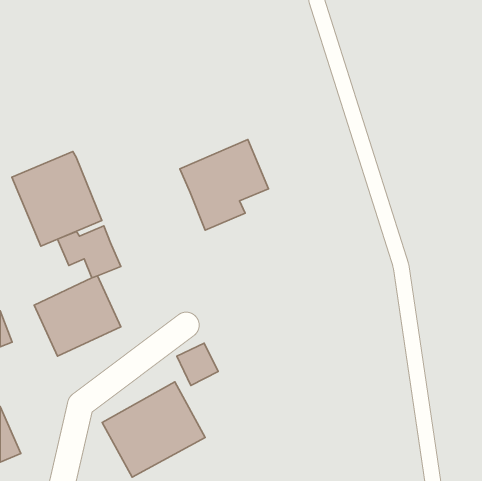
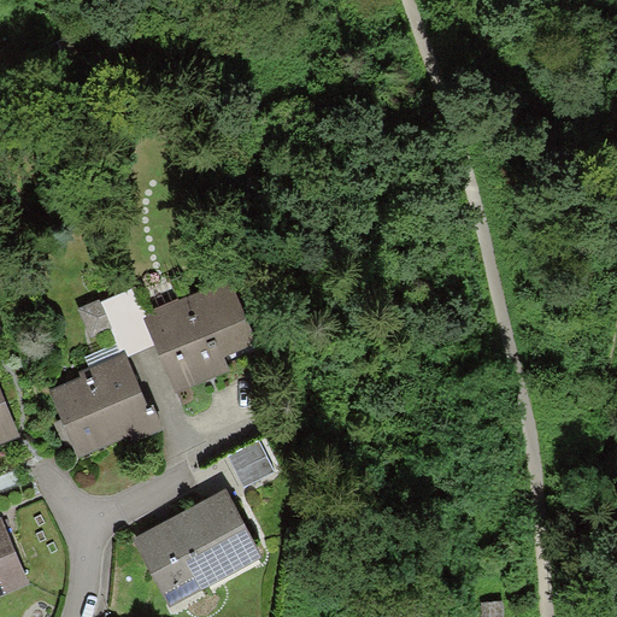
building: [180,140,269,230] -> [142,275,255,390]
building: [12,152,102,246] -> none

